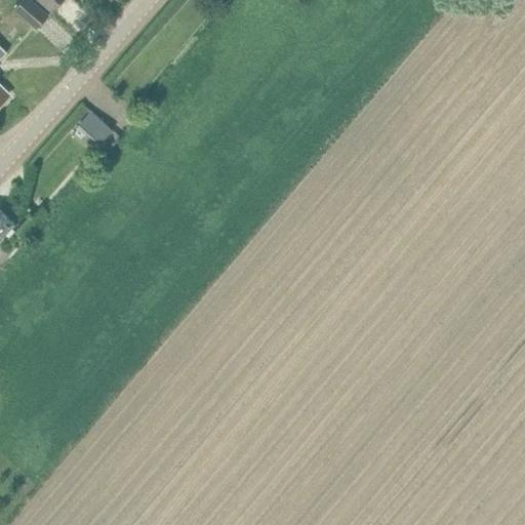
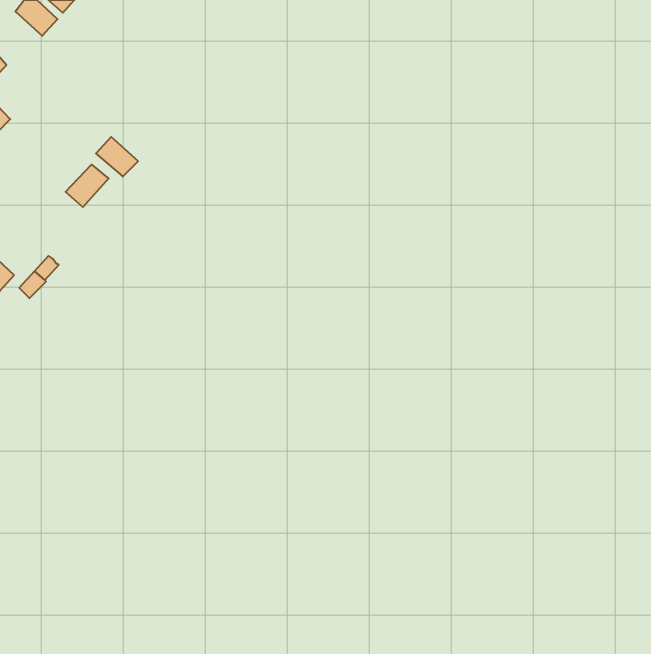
building: none -> [66,165,109,207]

